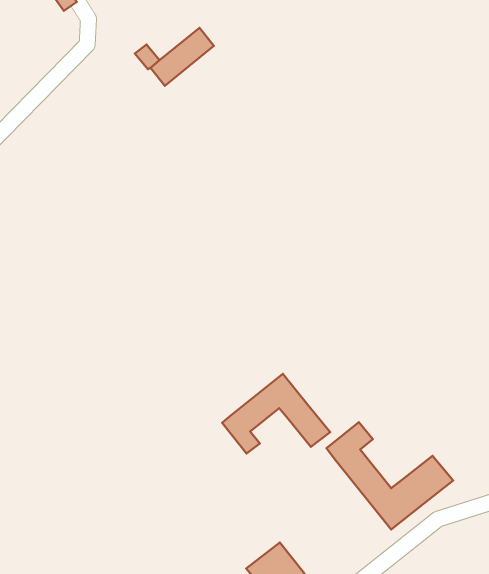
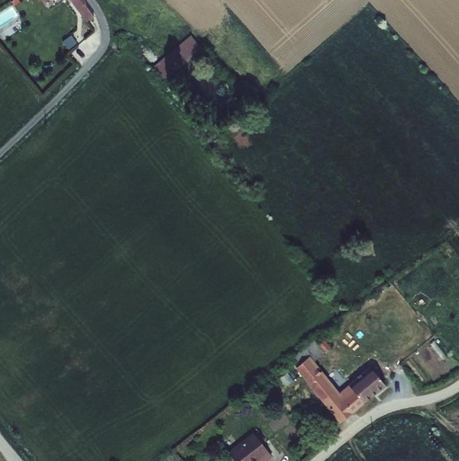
building: [222,374,330,454] -> none

